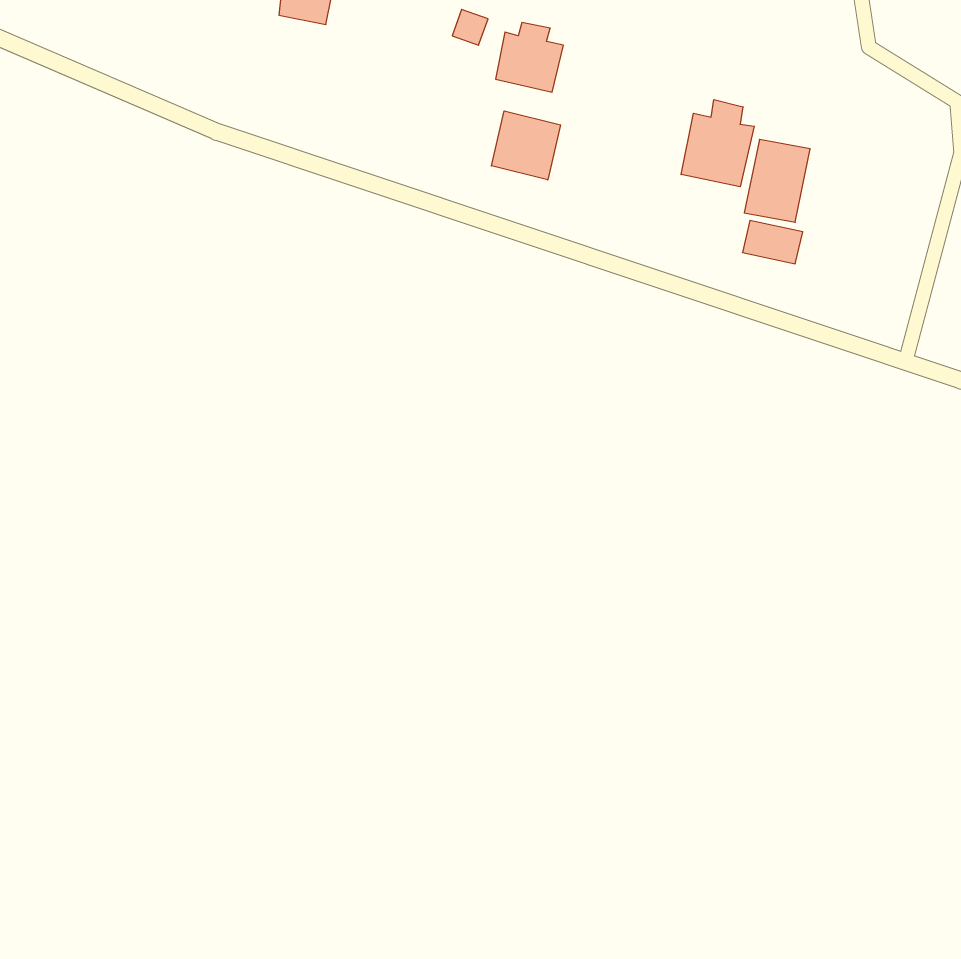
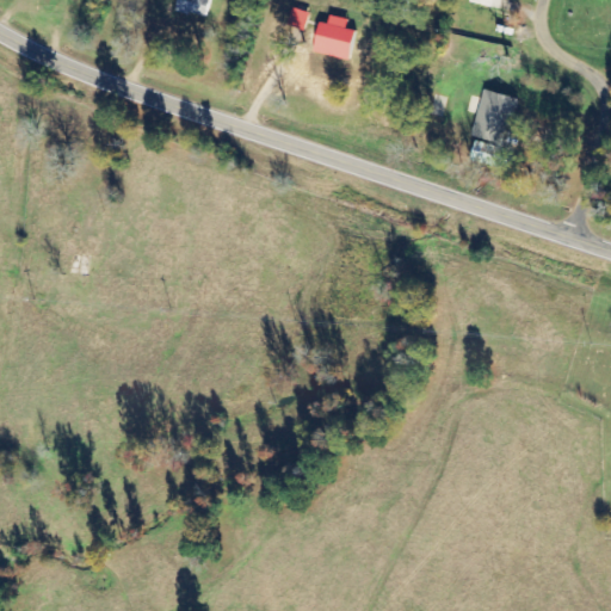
building: [681,100,754,187] -> none
building: [491,111,561,180] -> none

